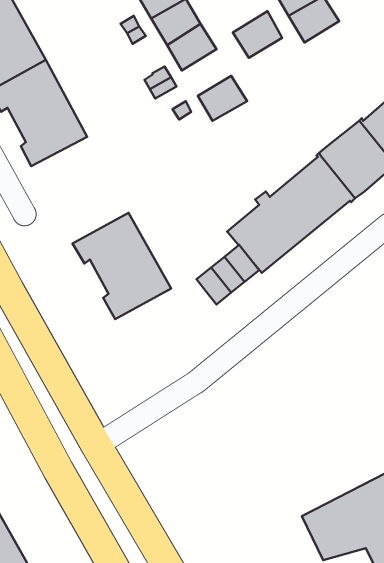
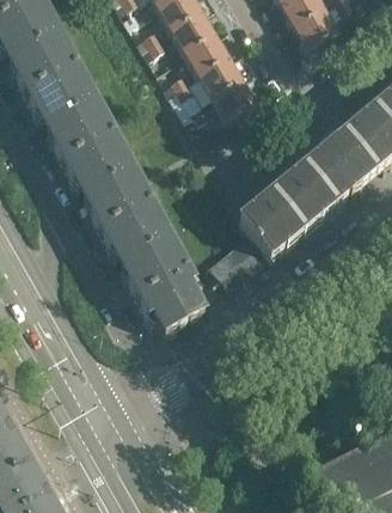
building: [233,11,282,58] -> [198,50,243,92]
building: none -> [63,129,151,225]
building: none -> [139,265,203,328]

